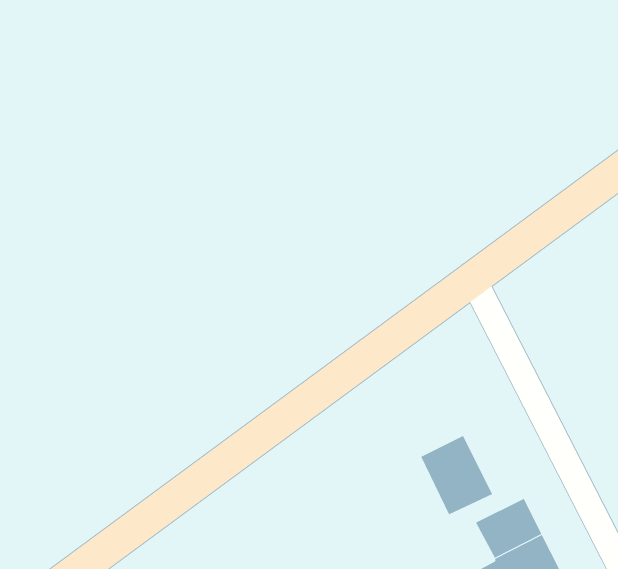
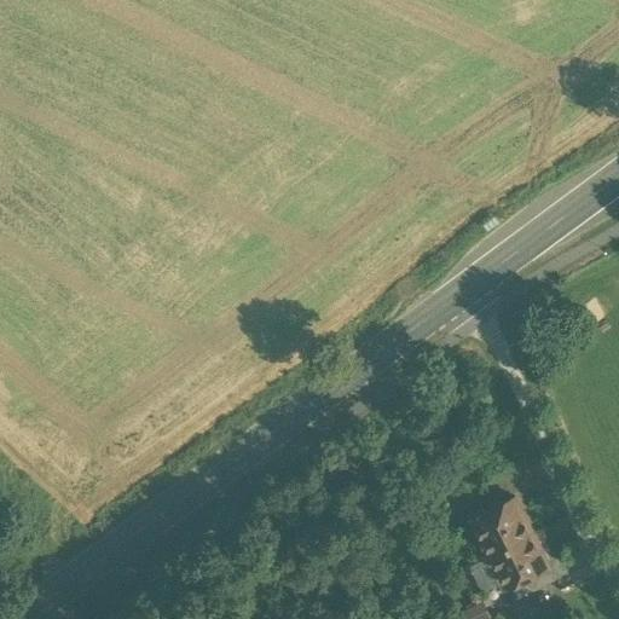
building: [420,435,493,515] -> none

